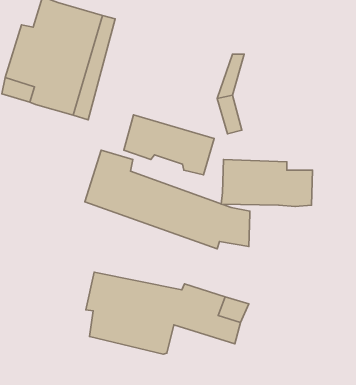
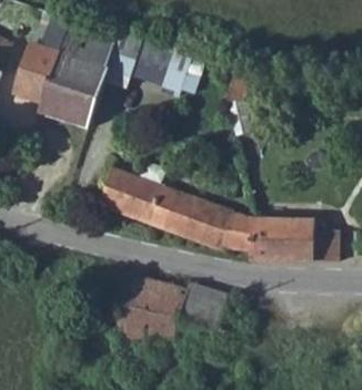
building: [124,115,214,175] -> [119,34,204,91]
building: [221,160,313,206] -> [248,216,334,260]

